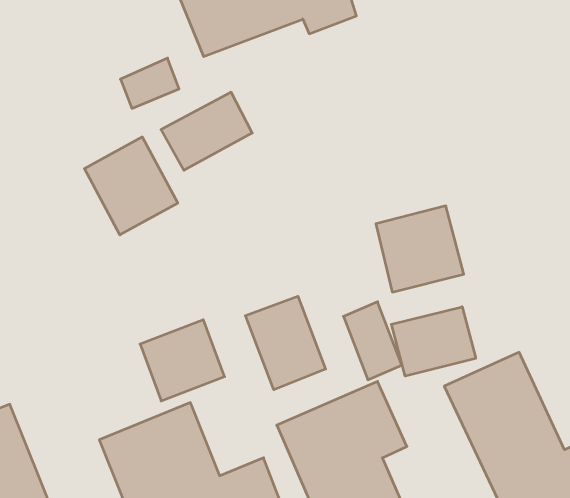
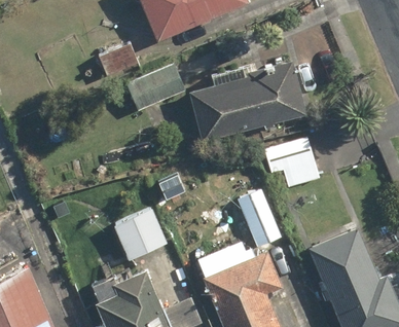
building: none -> [189,68,305,140]
building: [84,137,178,235] -> none
building: [245,296,326,390] -> none
building: [391,307,476,376] -> none

